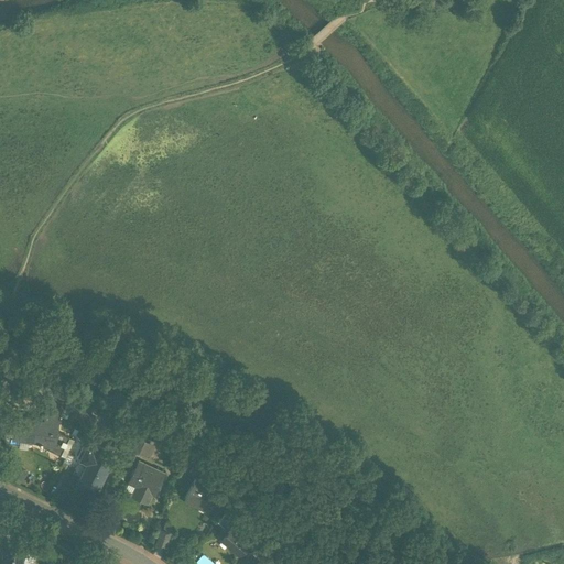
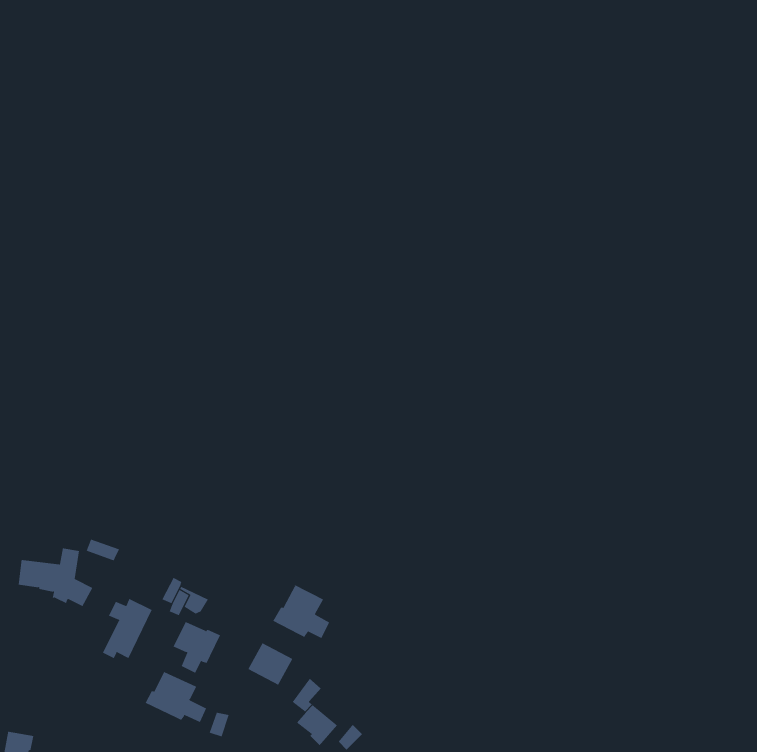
building: none -> [273,583,330,639]
building: none -> [145,670,207,723]

